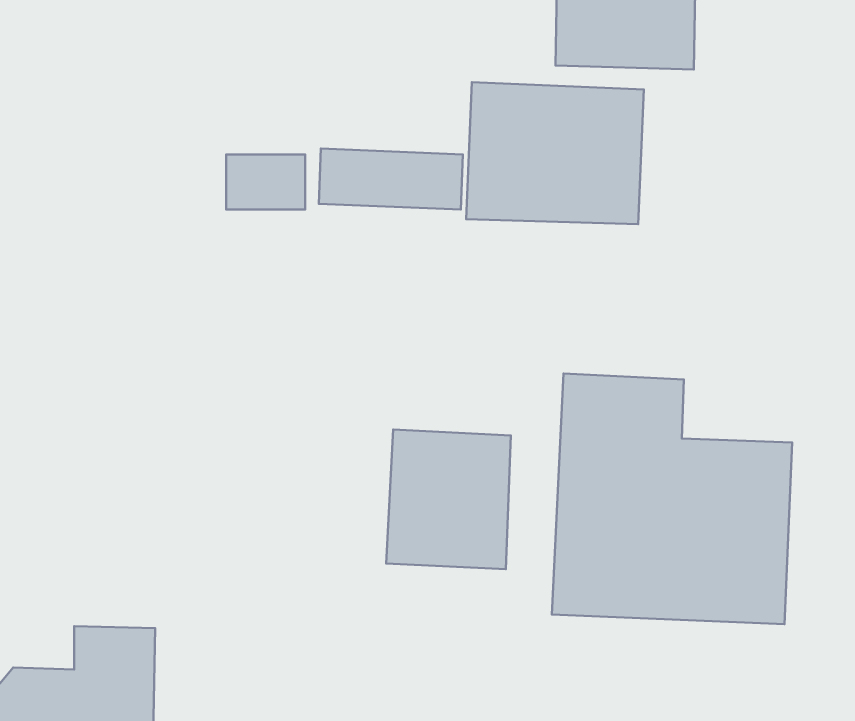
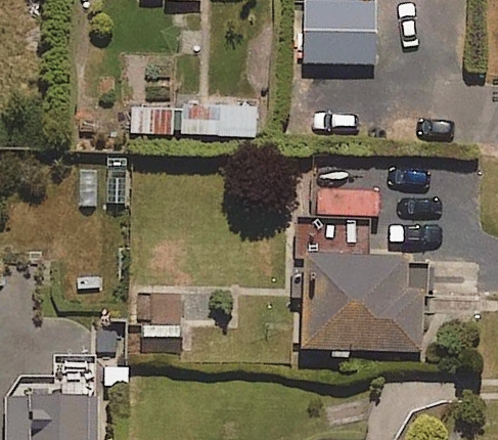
building: [466,82,644,224] -> none
building: [386,430,511,569] -> none

